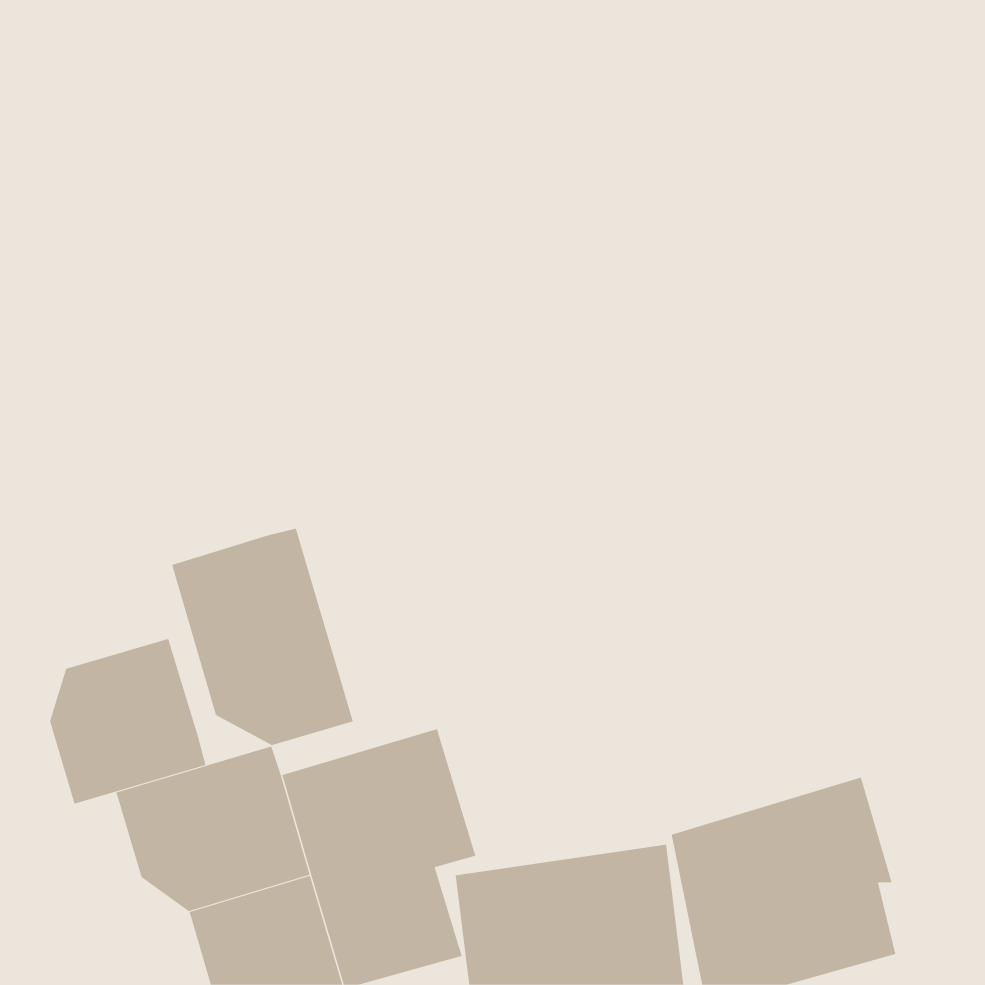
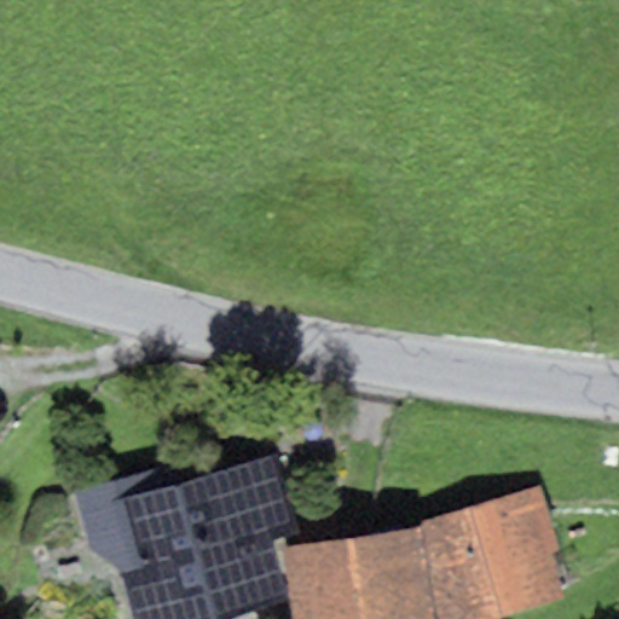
building: [171,528,354,746] -> none
building: [50,638,206,804] -> none

